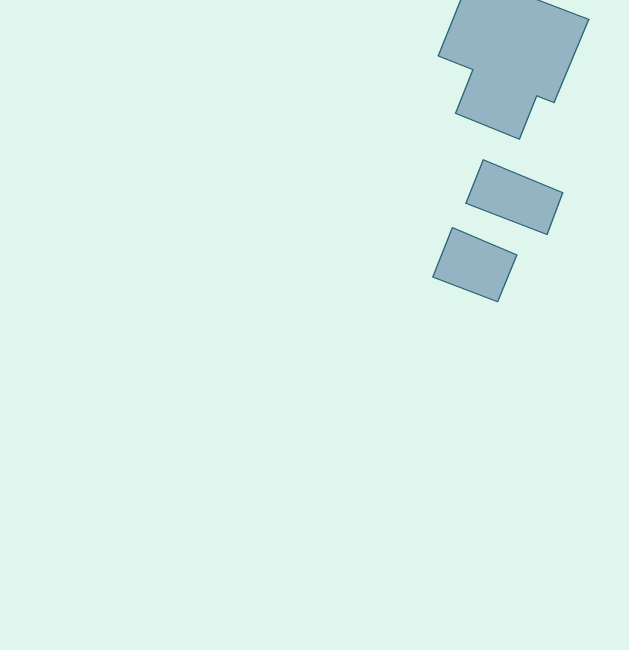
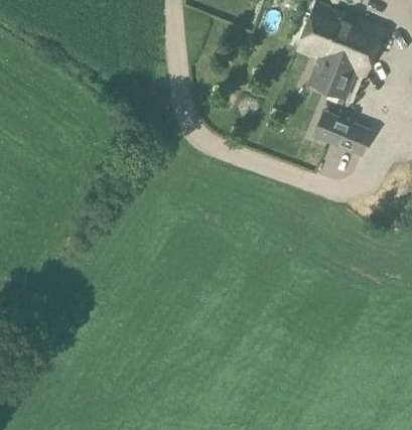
building: [433,228,517,302] -> none

